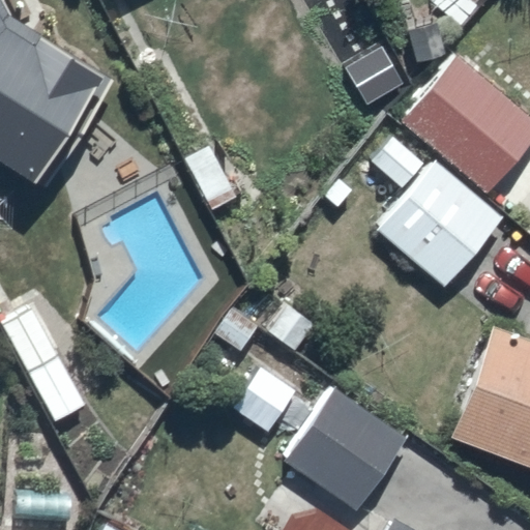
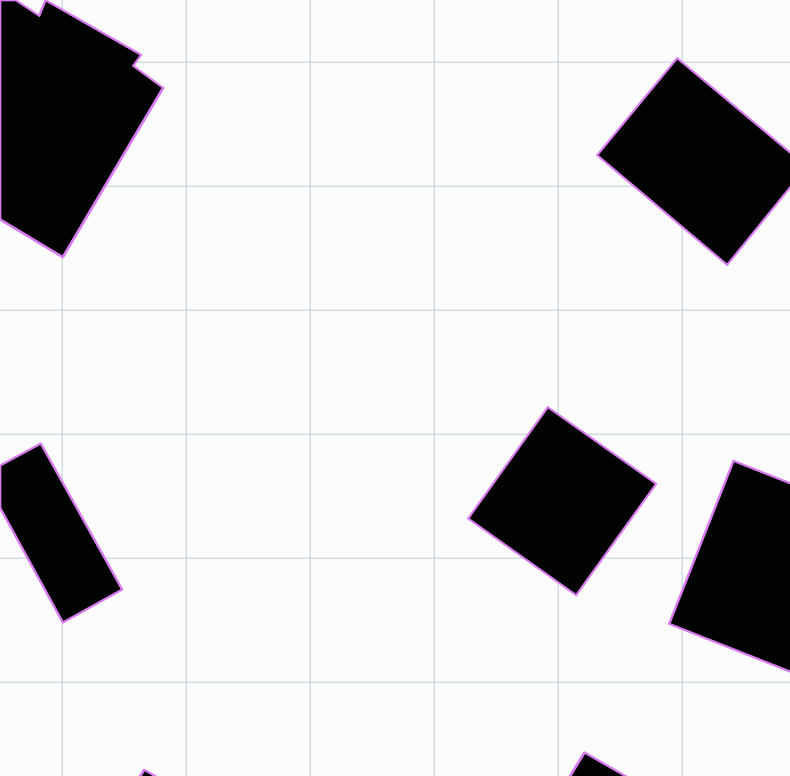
building: [370,138,503,288] -> none
building: [282,386,406,510] -> [468,407,656,595]

